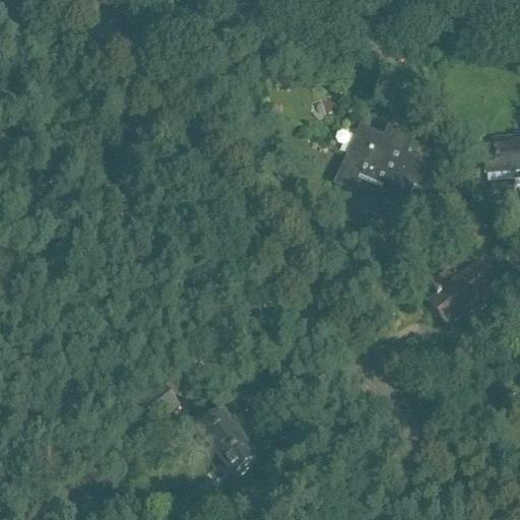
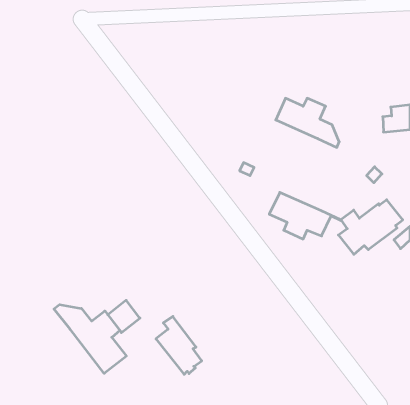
building: [335,151,426,210] -> [269,192,341,239]
building: none -> [54,305,126,373]

